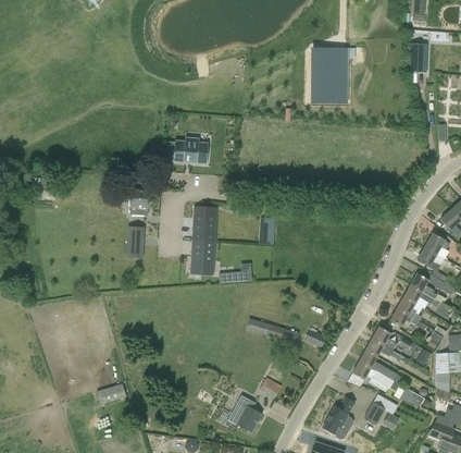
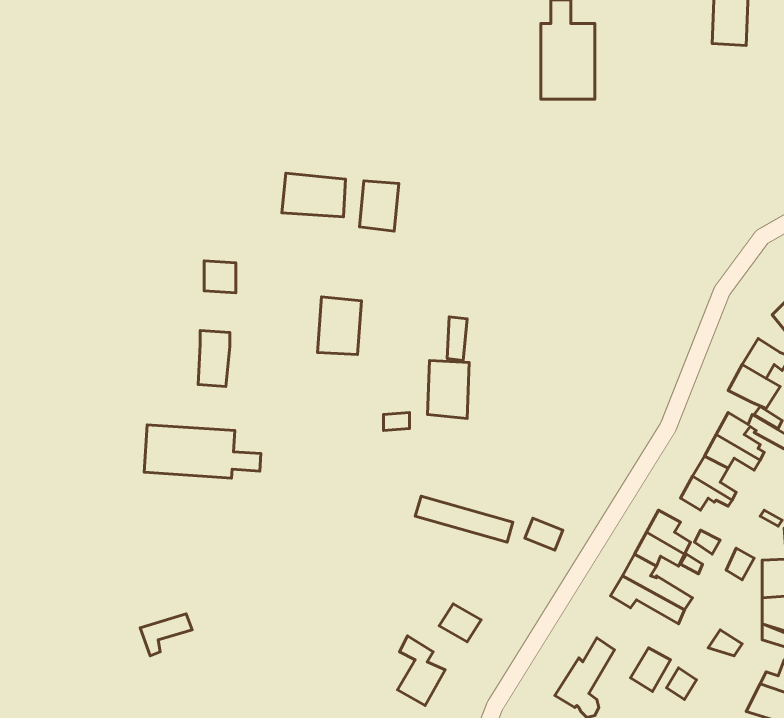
building: none -> [359,181,399,231]
building: [191,240,214,271] -> [427,361,469,418]
building: none -> [144,425,261,478]

